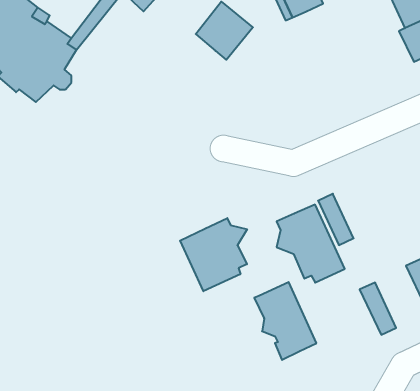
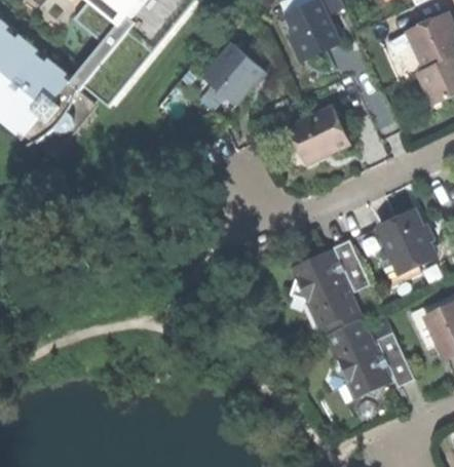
building: none -> [288,107,349,164]
building: none -> [378,210,433,272]
building: [180,218,247,291] -> none
building: [254,282,316,360] -> [324,318,388,399]

